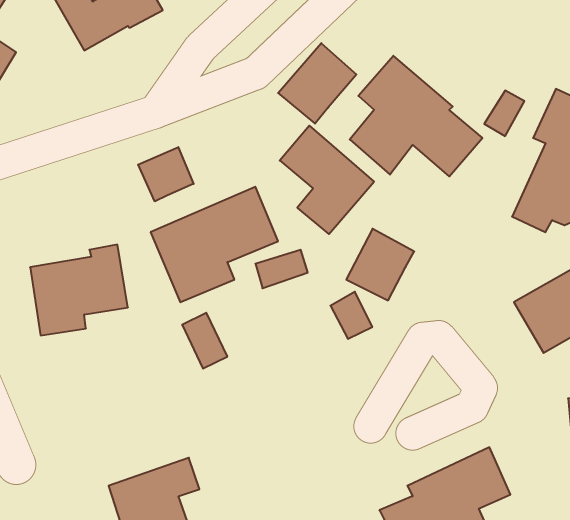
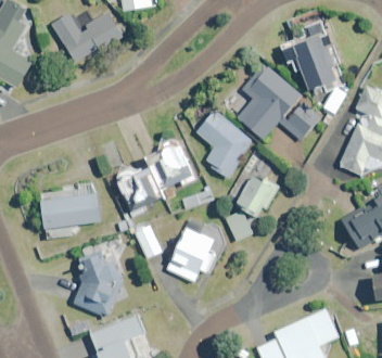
building: none -> [293,37,340,90]
building: [278,43,356,124] -> none
building: [138,147,194,201] -> none
building: none -> [166,216,226,282]
building: none -> [74,251,123,316]

